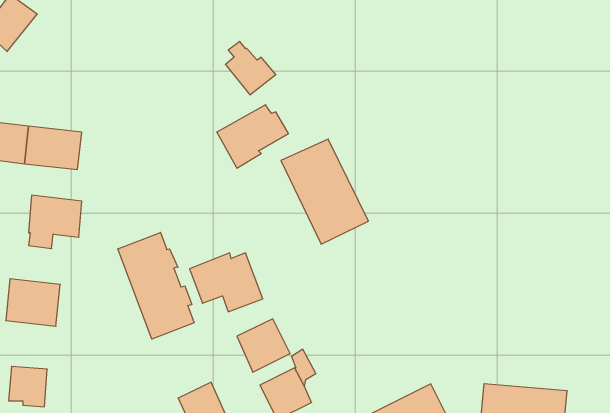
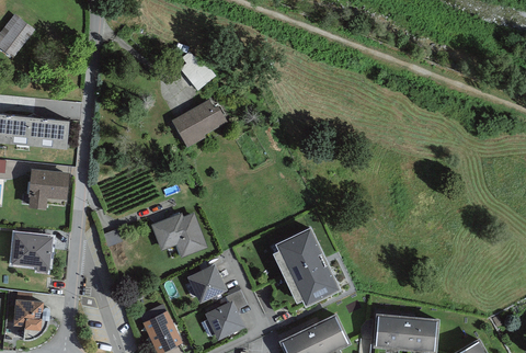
building: [281,139,368,244] -> [274,227,341,307]
building: [118,232,194,339] -> none

